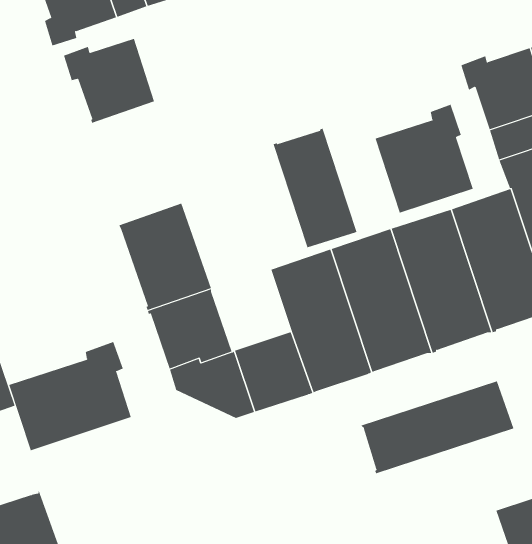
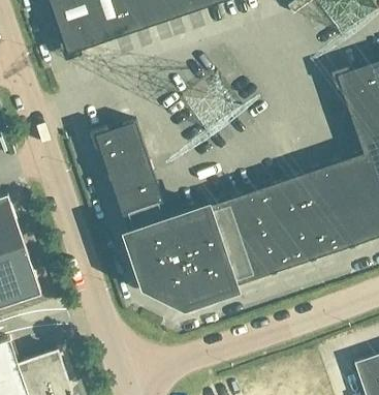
building: [63,38,155,124] -> [89,120,149,176]
building: [375,104,473,213] -> none
building: [273,128,357,248] -> none
building: none -> [168,205,220,259]
building: [9,341,132,451] -> none
building: [360,381,514,474] -> none

